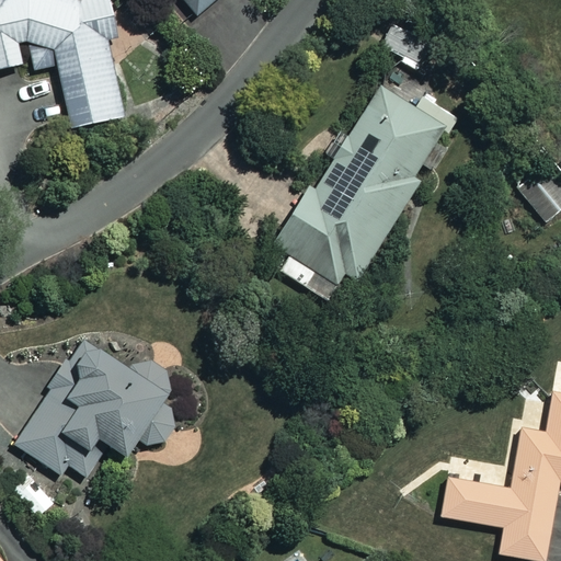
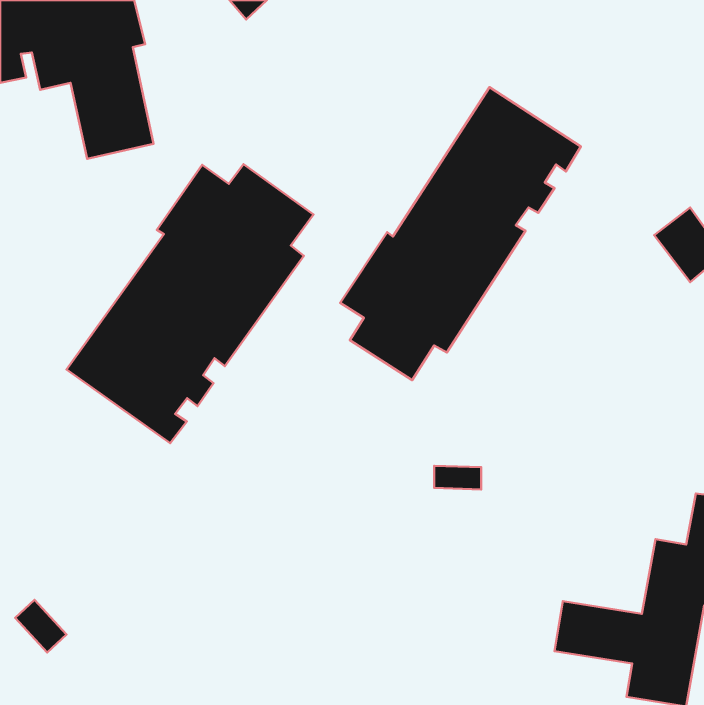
building: none -> [67,164,314,443]
building: [15,336,174,478] -> none

